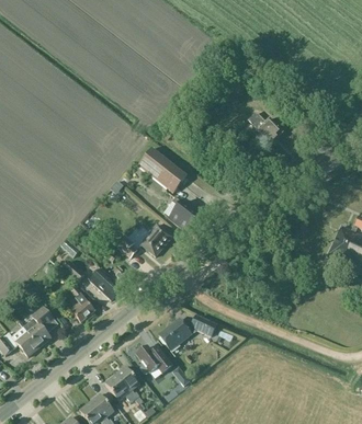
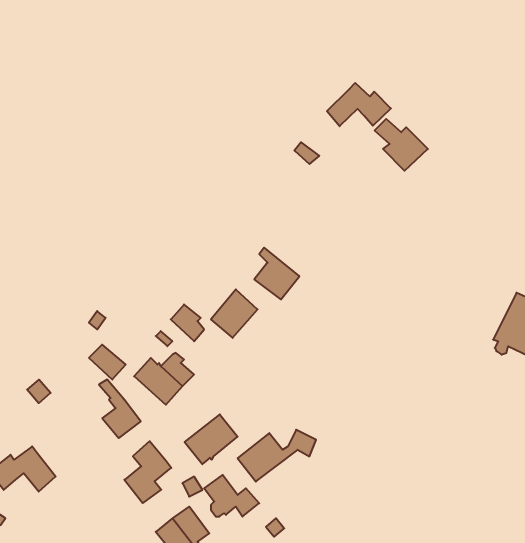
building: none -> [327,83,391,126]
building: [138,147,186,192] -> none
building: none -> [185,414,238,464]
building: [26,306,57,346] -> [124,441,171,503]

